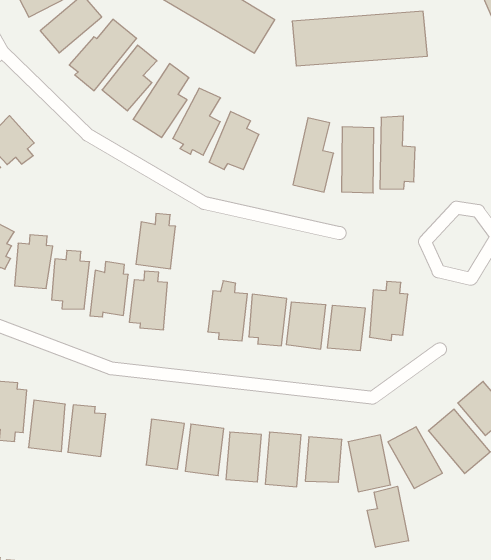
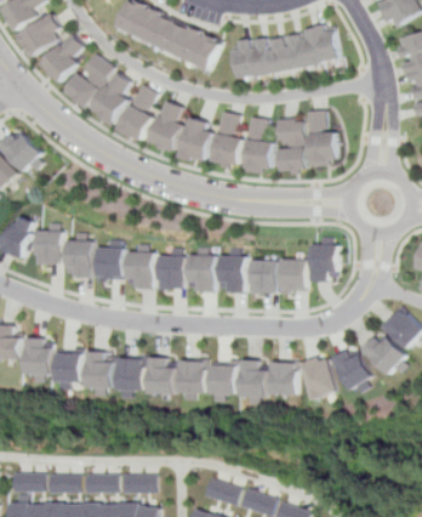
building: none -> [211,112,243,169]
building: [136,214,176,269] -> [156,248,184,289]
building: none -> [118,354,144,396]
building: [367,486,409,547] -> none

